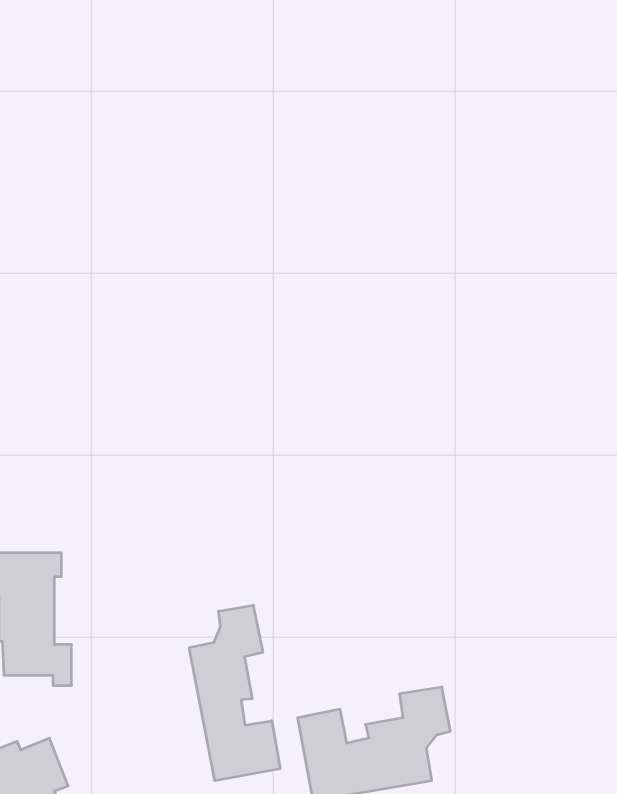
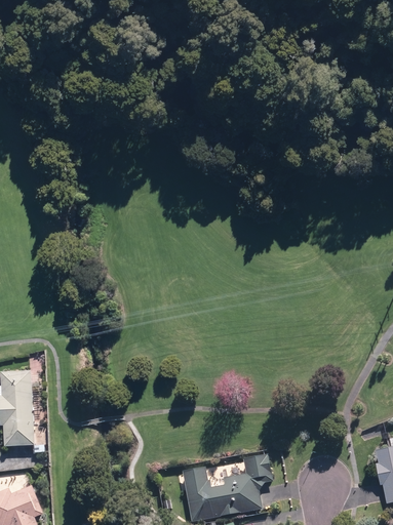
building: [189,605,280,781] -> none

